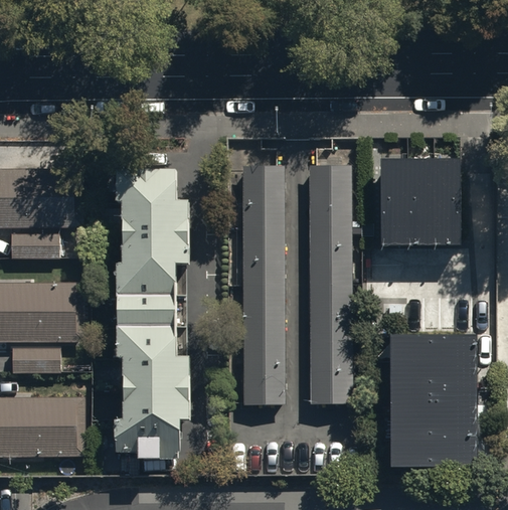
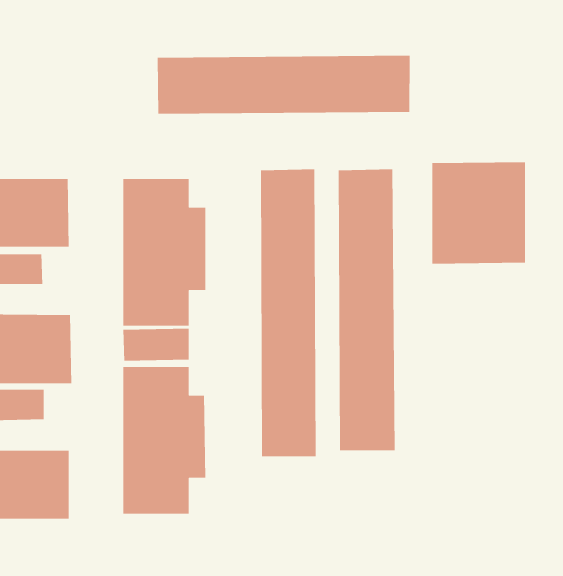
building: none -> [157,55,410,115]
building: [391,335,478,466] -> none

